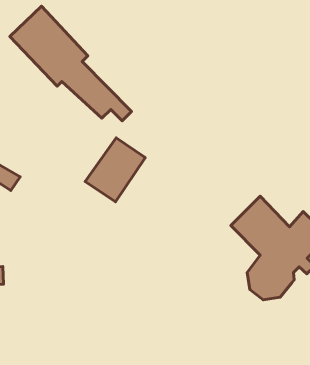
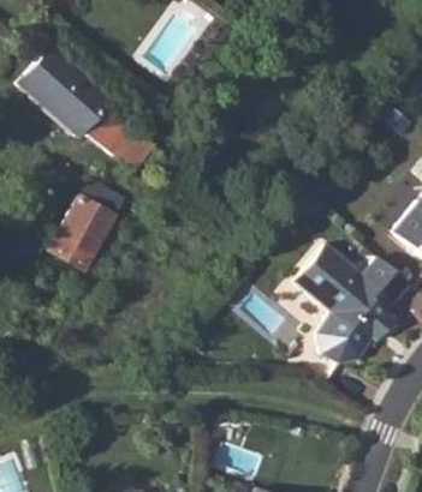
building: [85,138,145,202] -> [48,194,115,269]

